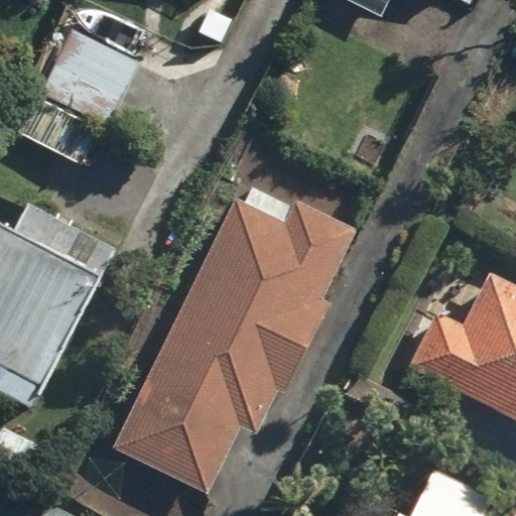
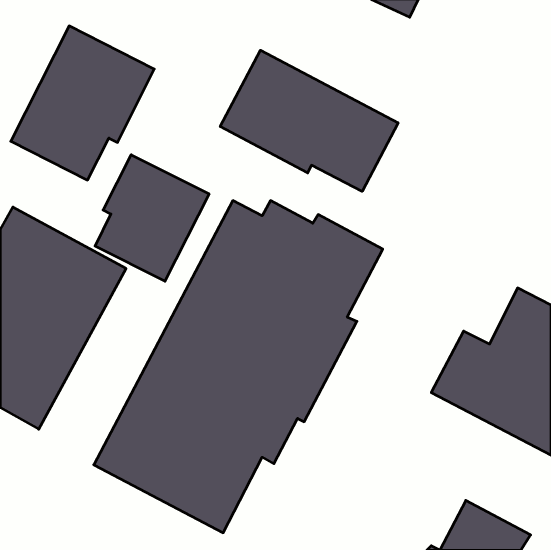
building: none -> [220,50,398,191]
building: none -> [95,155,209,281]

